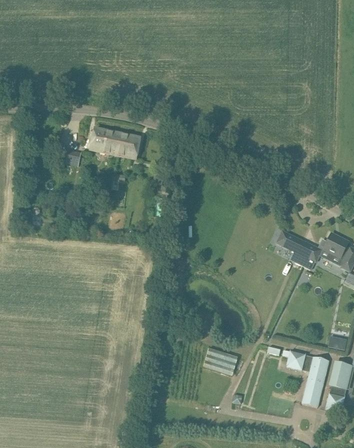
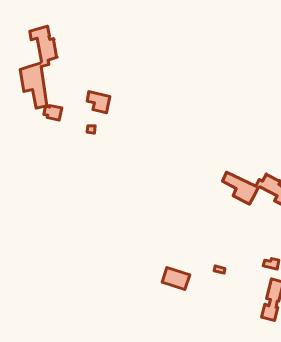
building: none -> [20,26,57,108]
building: [90,128,120,154] -> none
building: [285,351,328,407] -> none

